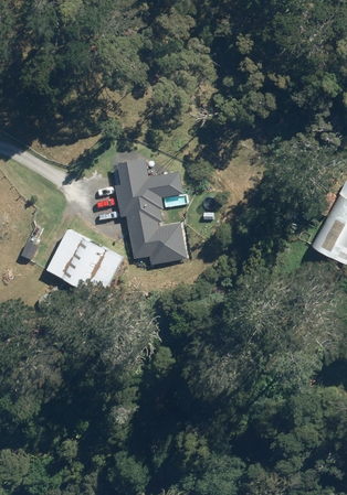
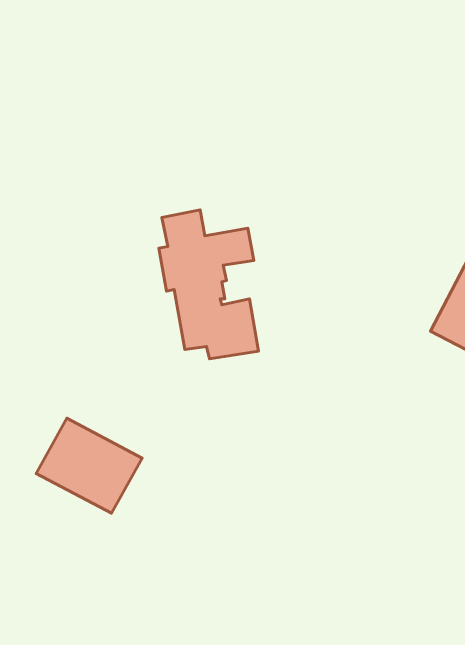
building: [46,229,123,298] -> [36,418,142,513]

